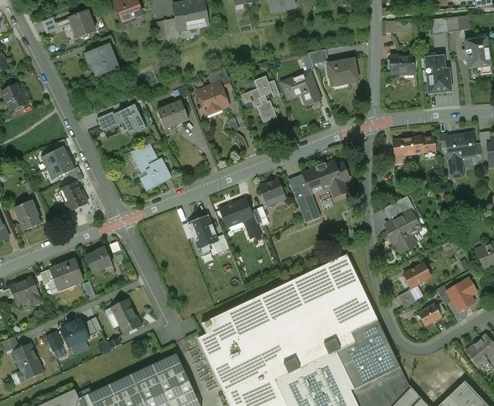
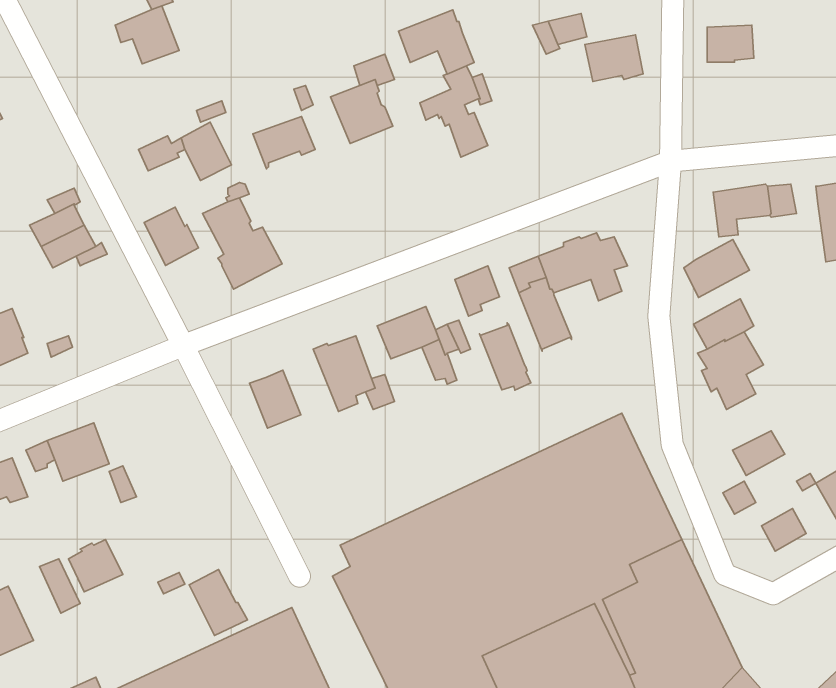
building: [425,57,450,94] -> none
building: [281,72,320,105] -> [399,10,474,74]
building: none -> [684,239,749,297]
building: [59,182,87,212] -> [144,207,198,265]
building: none -> [479,323,531,390]
building: none -> [250,370,301,428]
building: [85,248,111,273] -> none
building: [112,300,142,334] -> [189,569,248,635]

